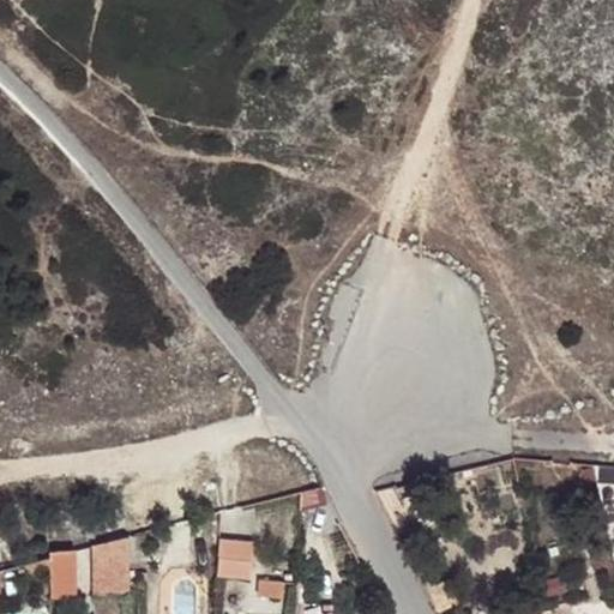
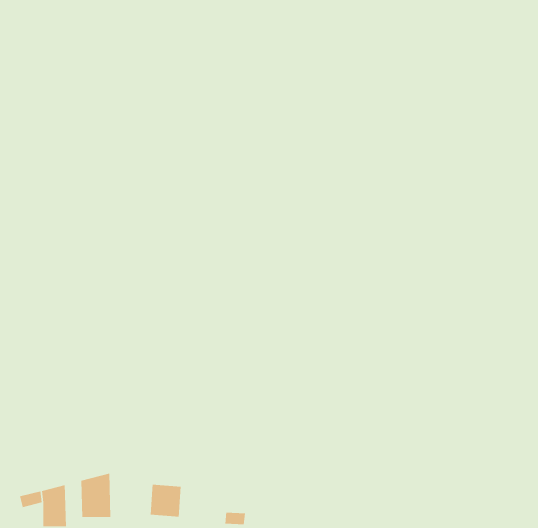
building: [218,542,254,579] -> [150,484,182,517]

